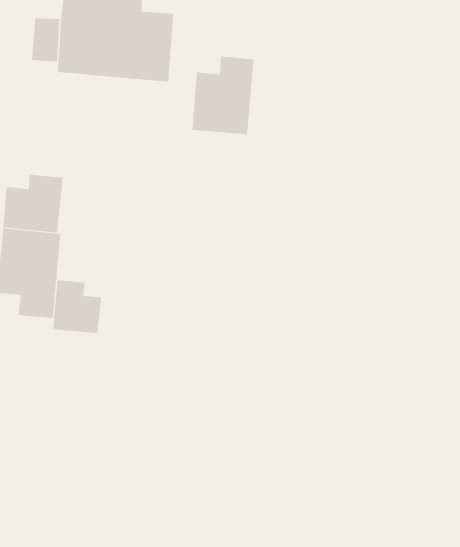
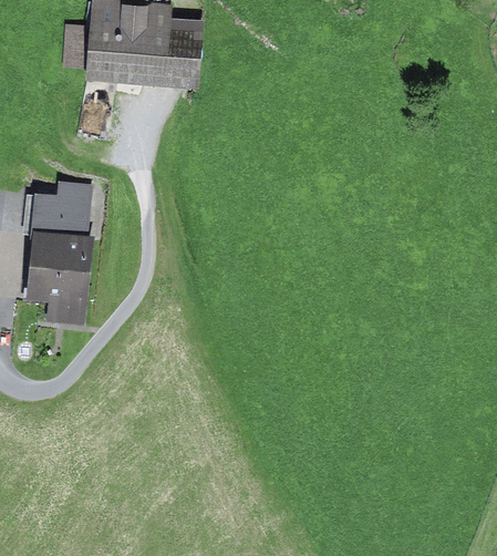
building: [192,56,254,135] -> none
building: [52,280,102,334] -> none

